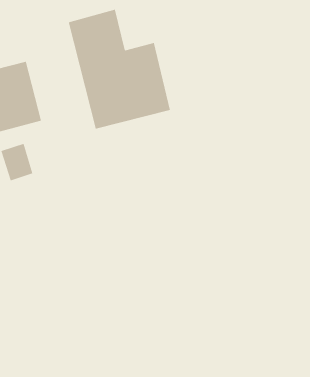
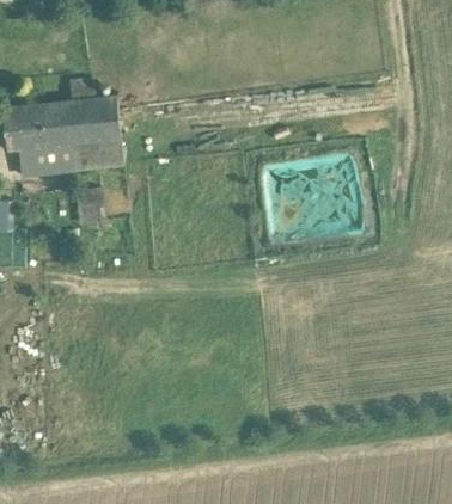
building: [68,9,170,129] -> none

